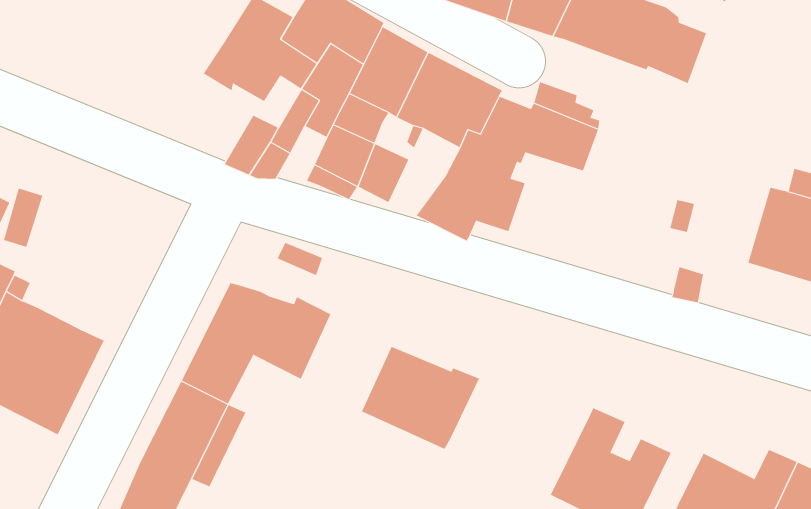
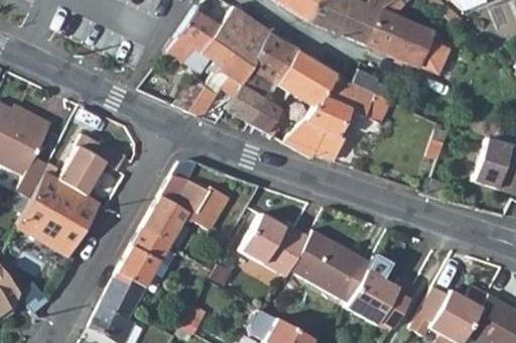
building: none -> [61,144,125,197]
building: none -> [293,231,373,301]

